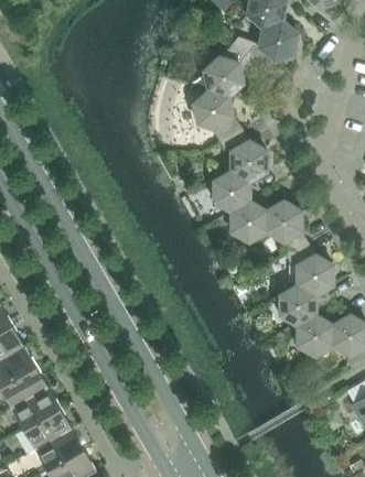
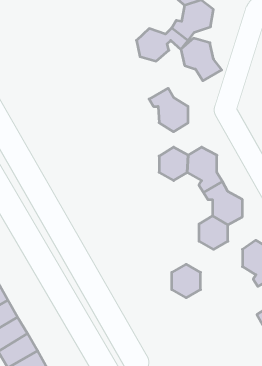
building: [192,90,241,142] -> [181,38,222,81]
building: [213,171,248,212] -> none
building: [297,315,332,356] -> [172,264,201,298]

